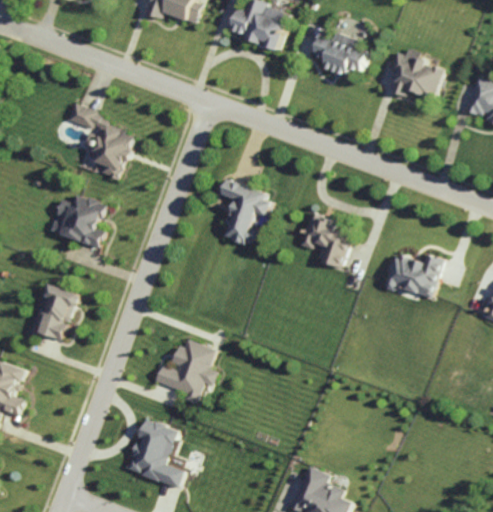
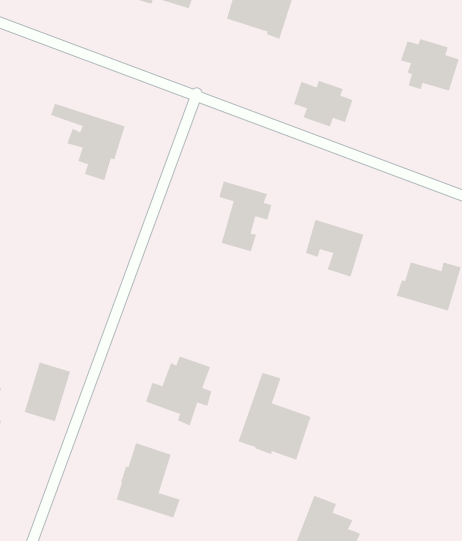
building: [311,33,366,76] -> [293,80,353,127]
building: [50,194,105,247] -> none
building: [34,284,77,339] -> [24,362,71,422]
building: none -> [238,372,311,460]

